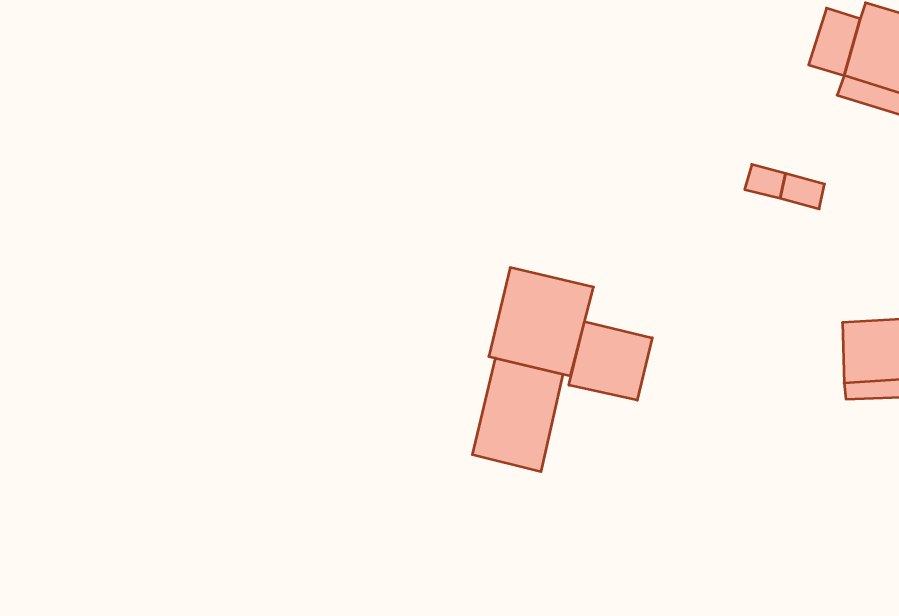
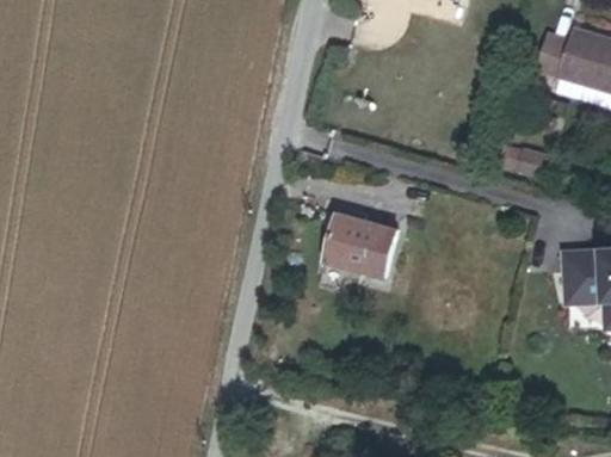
building: [569,322,652,400] -> none
building: [472,358,563,472] -> none

